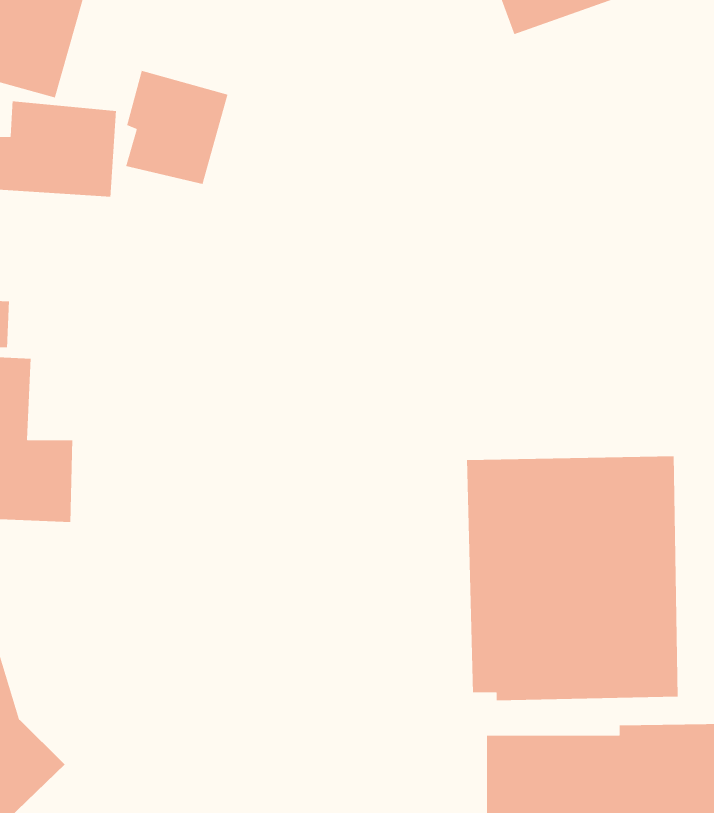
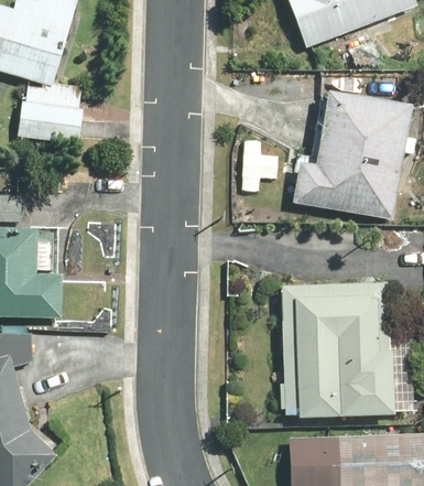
building: [125,70,228,185] -> none
building: none -> [293,94,407,217]

